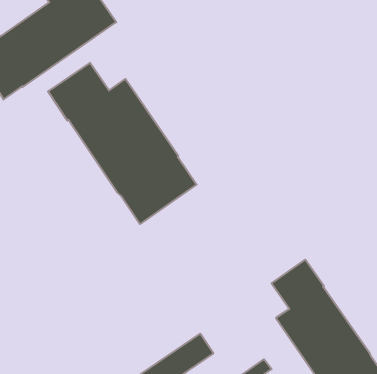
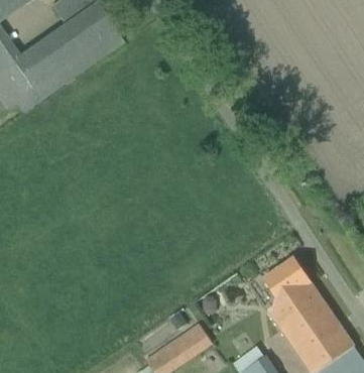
building: [48,63,197,224] -> none

